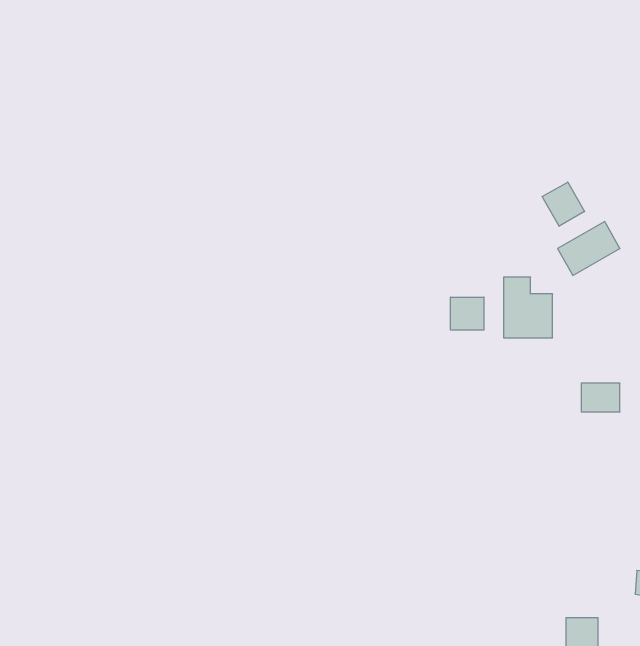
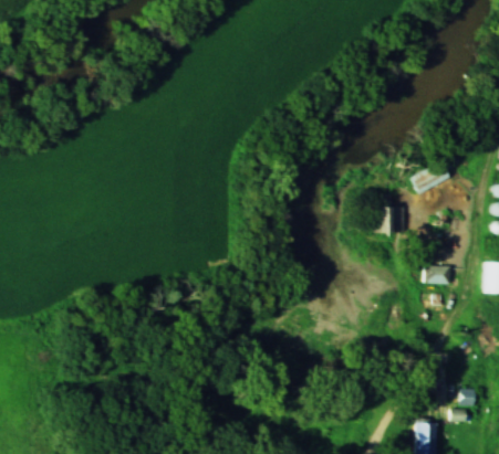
building: [542,182,585,226] -> none
building: [451,297,484,330] -> none

